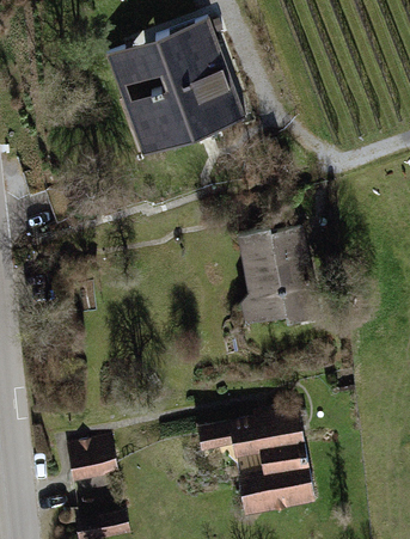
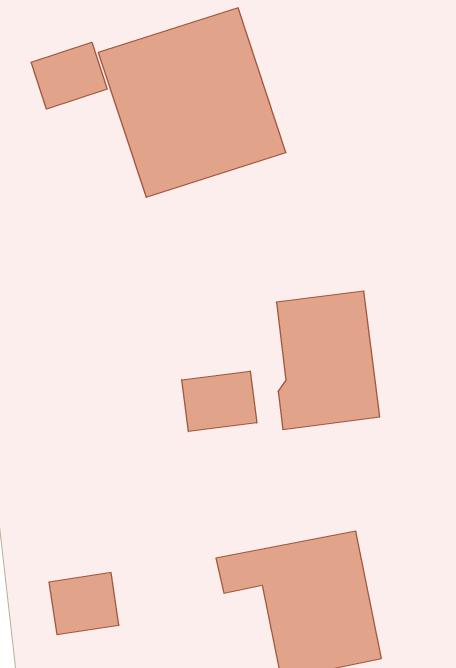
building: none -> [31,42,107,109]
building: none -> [182,371,257,432]

